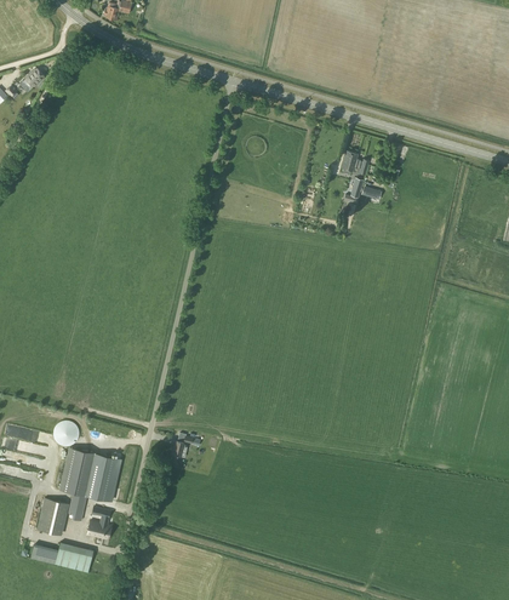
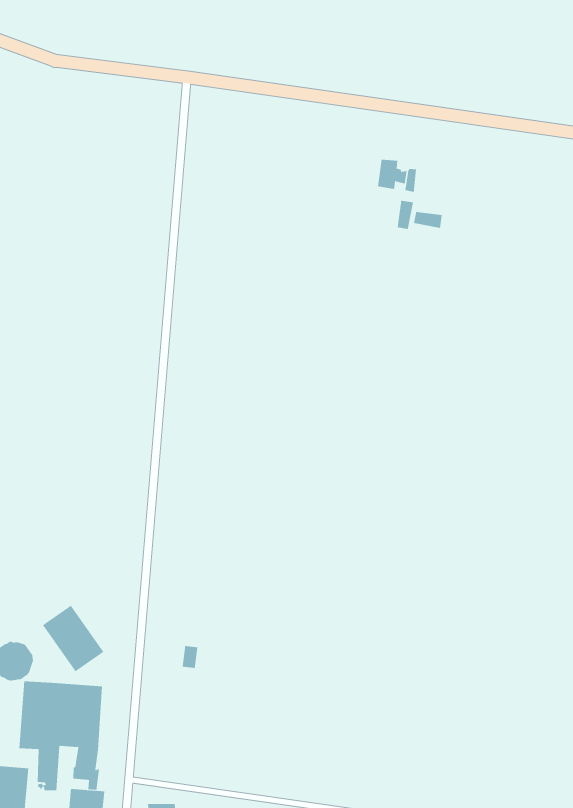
building: none -> [42,605,104,672]

